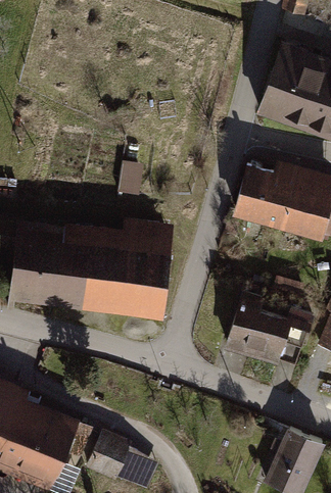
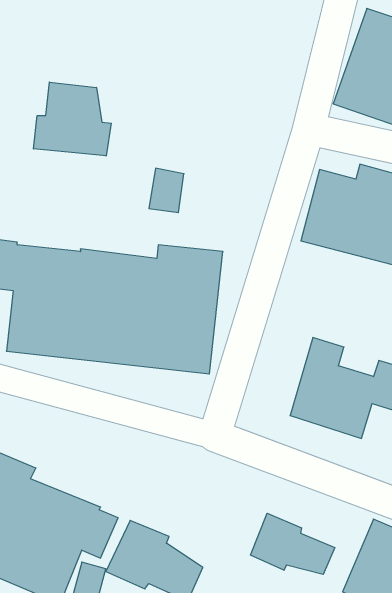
building: none -> [34,82,111,156]
building: none -> [251,513,335,574]

